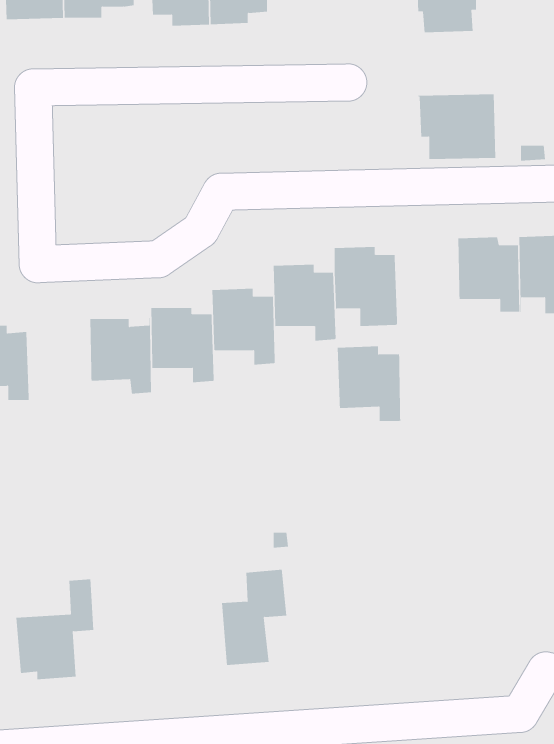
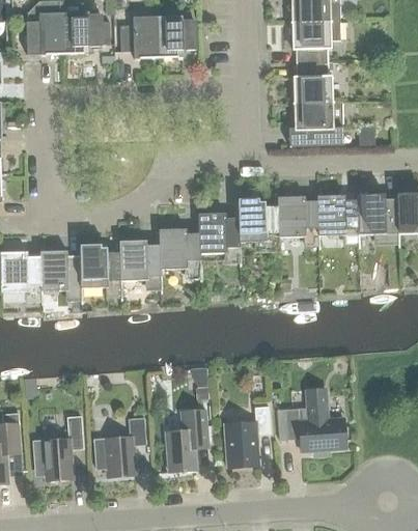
building: none -> [291,61,342,103]
building: none -> [39,247,81,304]
building: [337,346,401,437] -> [277,195,318,254]
building: none -> [276,387,345,455]
building: none -> [223,406,270,467]
building: none -> [92,417,145,476]

